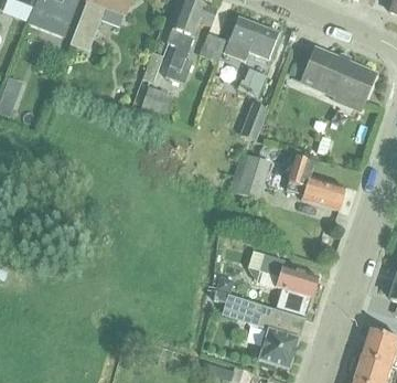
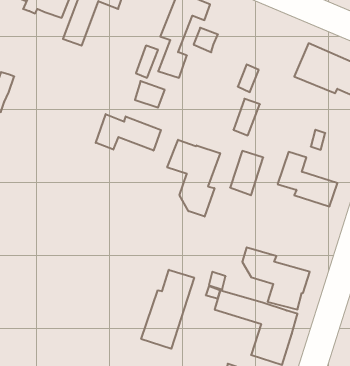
building: [222,15,277,62] -> none
building: none -> [96,114,161,151]
building: none -> [167,140,220,217]
building: none -> [141,270,194,349]

